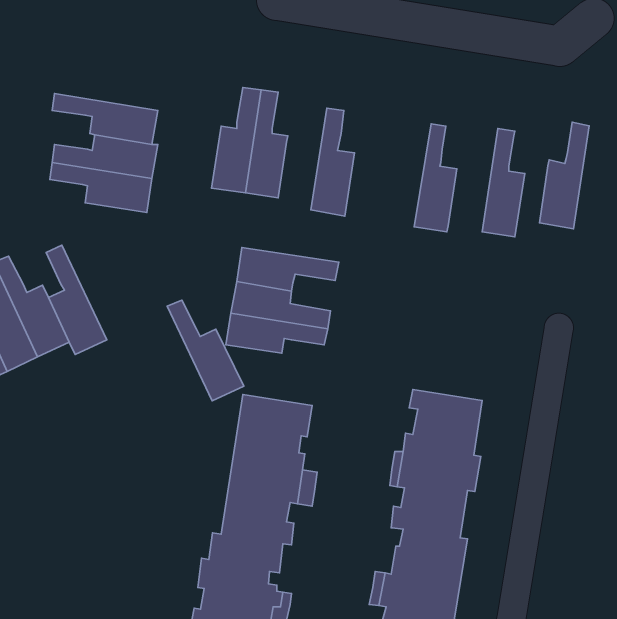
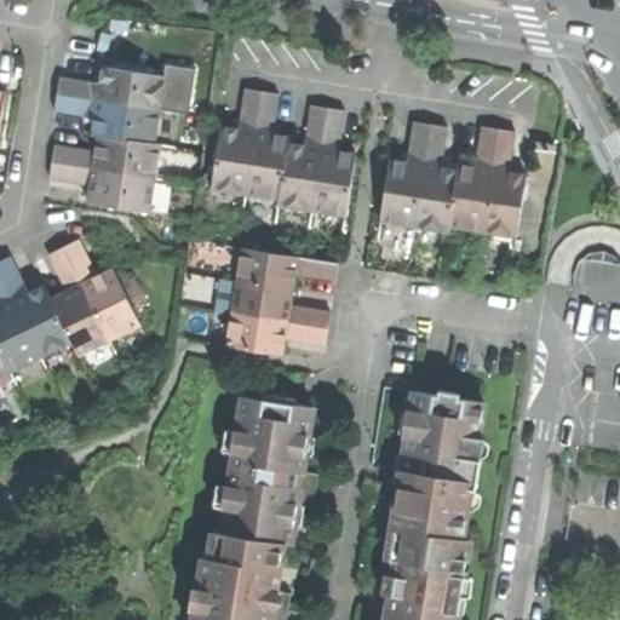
building: none -> [54,65,177,114]
building: none -> [276,107,326,211]
building: none -> [377,121,430,228]
building: [539,122,589,229] -> [447,126,496,232]
building: [167,300,244,401] -> [62,240,138,340]

